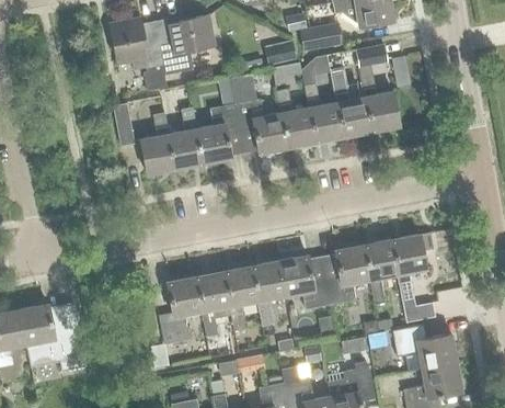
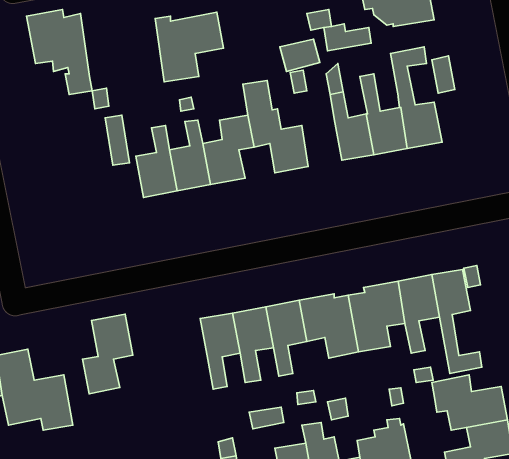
building: [111,18,167,90] -> [27,10,92,95]
building: [277,89,315,147] -> none
building: [159,276,202,344] -> [83,314,133,394]

